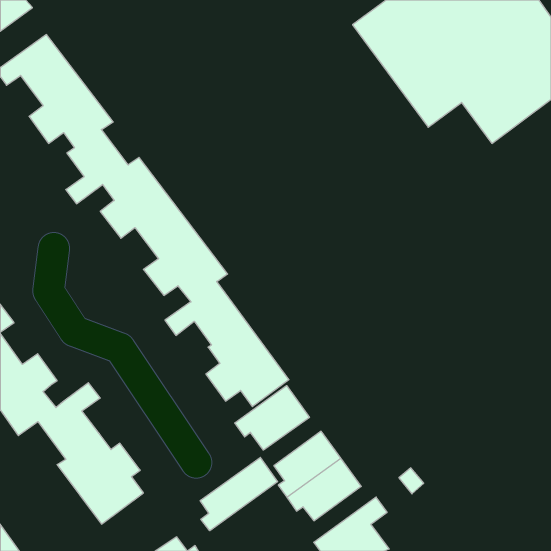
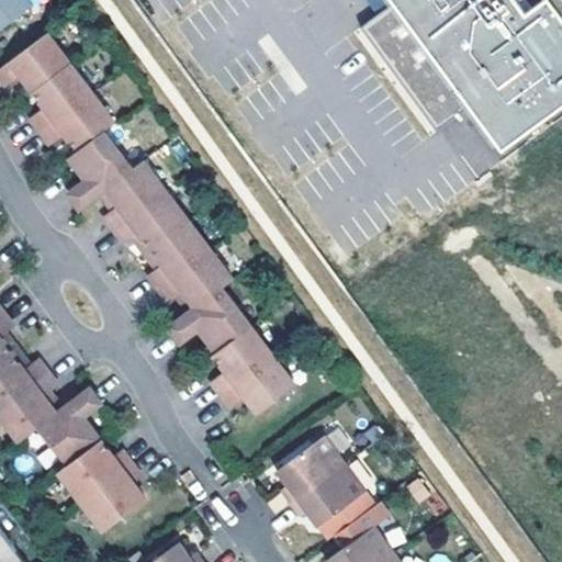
building: [235,386,309,450] -> none
building: [200,457,278,531] -> none

